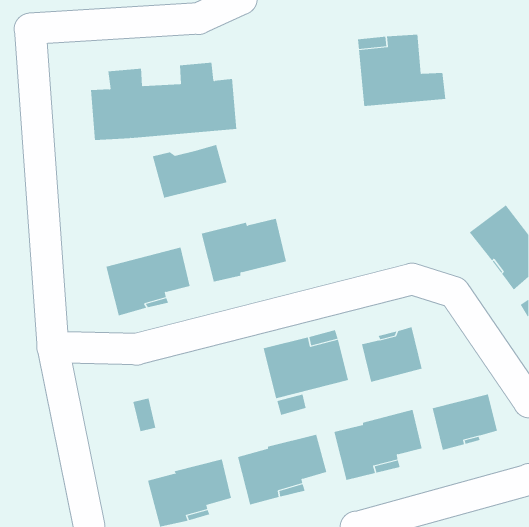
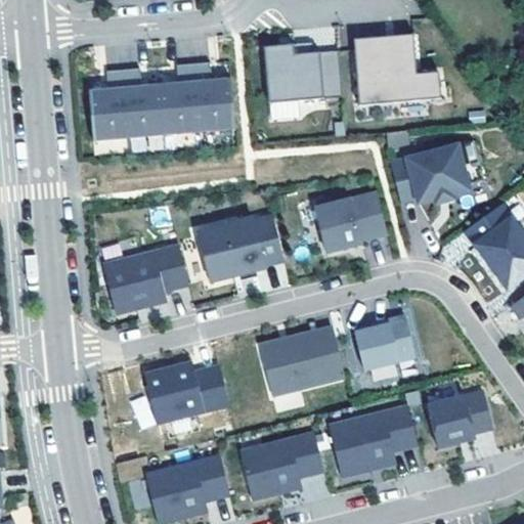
building: none -> [263,42,342,102]
building: none -> [390,140,483,204]
building: [152,144,227,199] -> none
building: none -> [315,191,387,252]
building: none -> [144,361,229,423]

